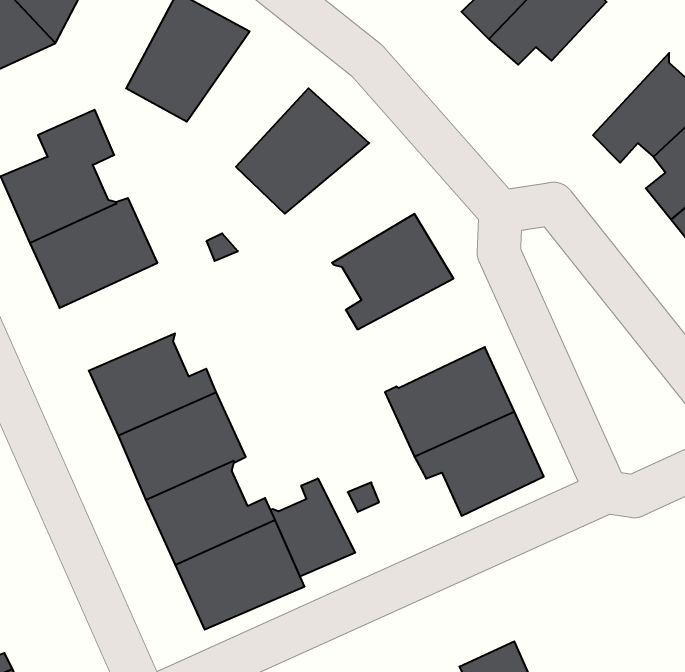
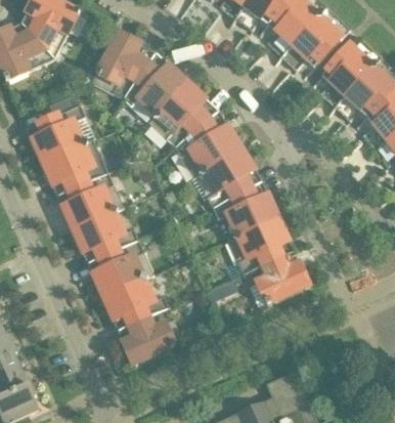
building: none -> [319,42,375,103]
building: none -> [123,49,186,120]
building: none -> [174,108,242,175]
building: none -> [56,170,123,226]
building: none -> [212,178,278,236]
building: [271,478,355,576] -> none

